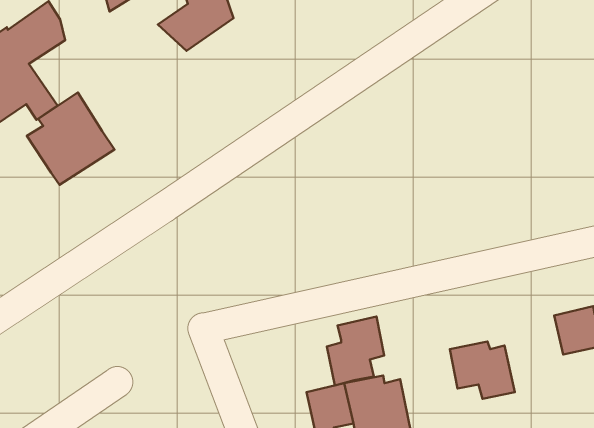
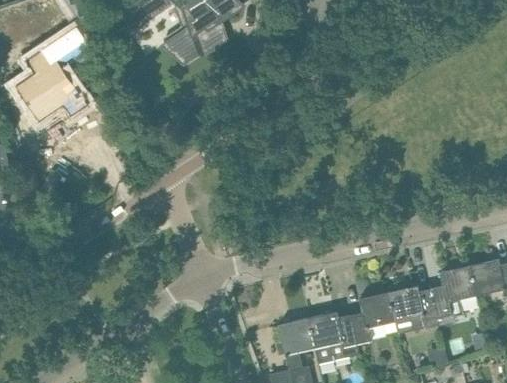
building: [27,92,115,185] -> none
building: none -> [430,265,475,324]
building: [327,316,384,385] -> [350,291,394,344]

